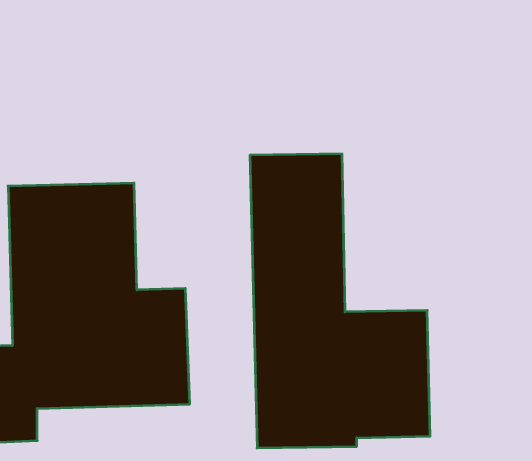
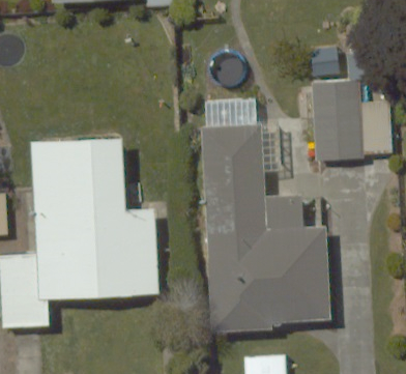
building: none -> [313,80,392,157]

